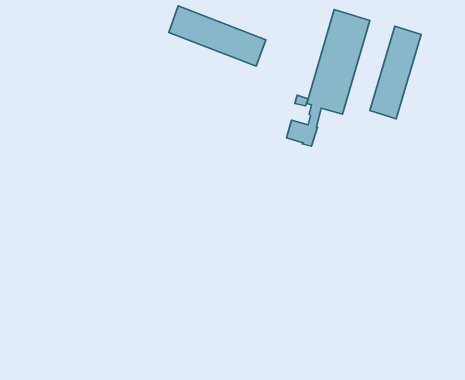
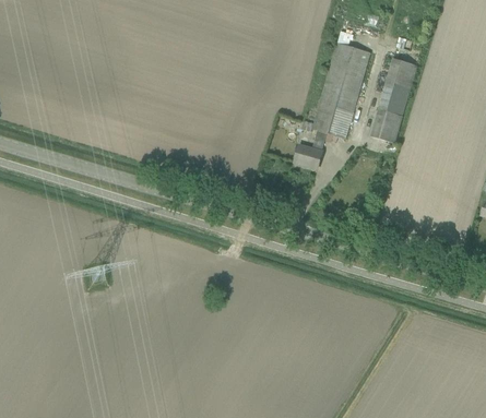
building: [169,6,266,66] -> none

